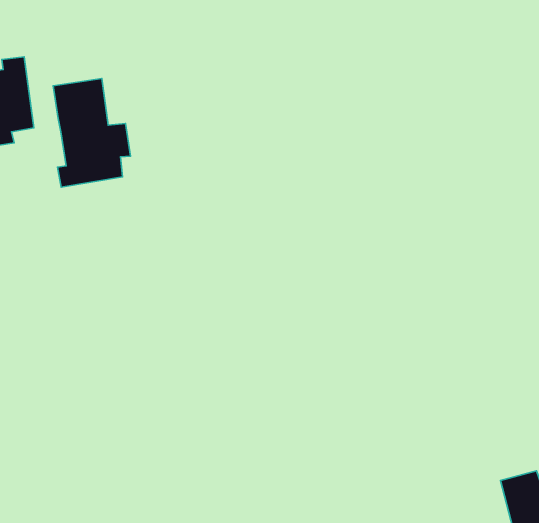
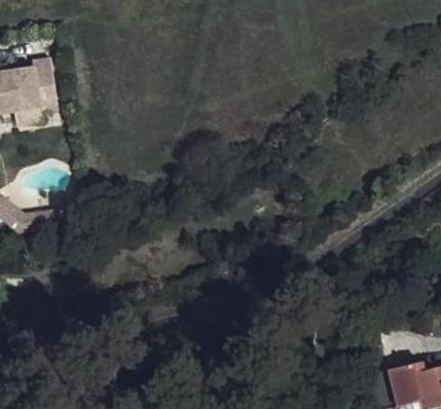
building: [53,79,130,187] -> none

